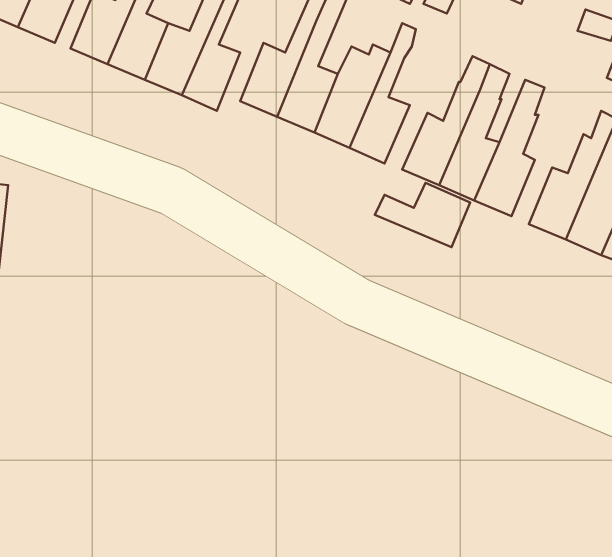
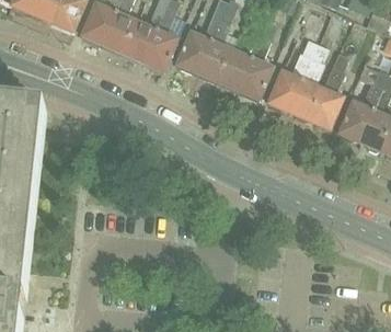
building: [375,183,470,247] -> none

